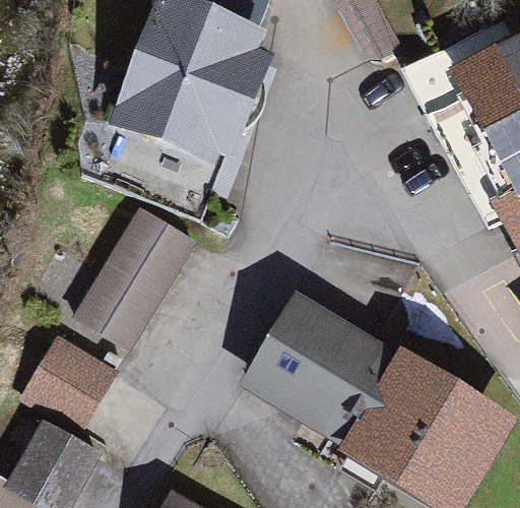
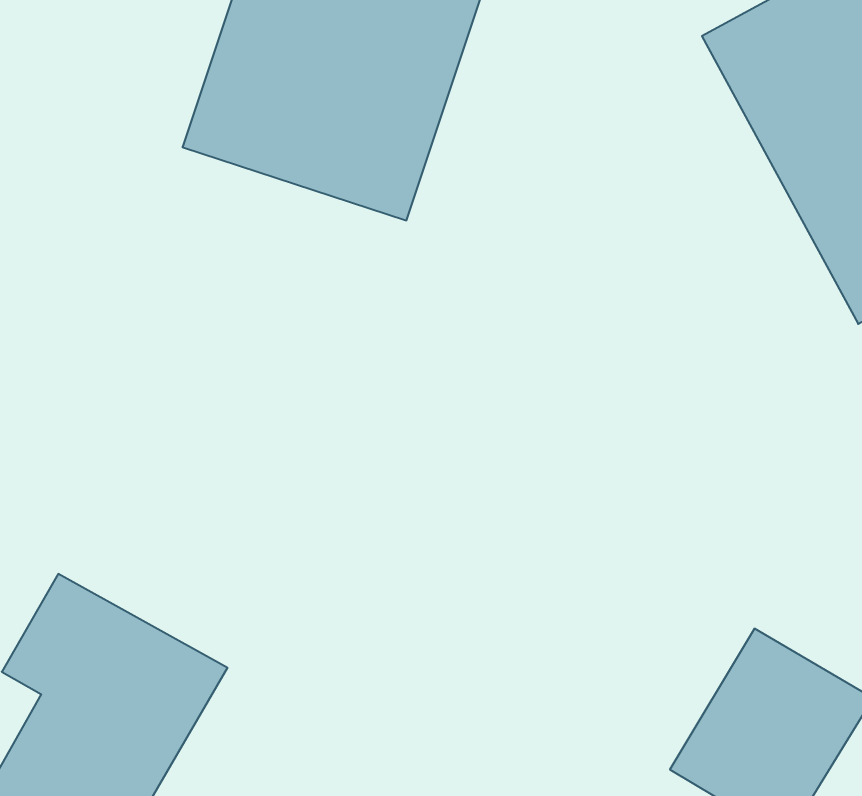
building: [77,212,189,345] -> none
building: [255,298,432,459] -> none

